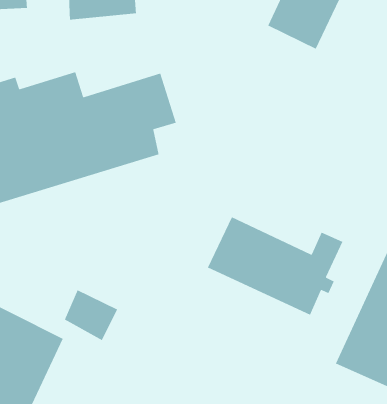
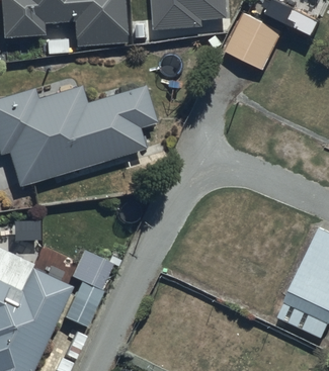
building: [207,216,344,316] -> none

